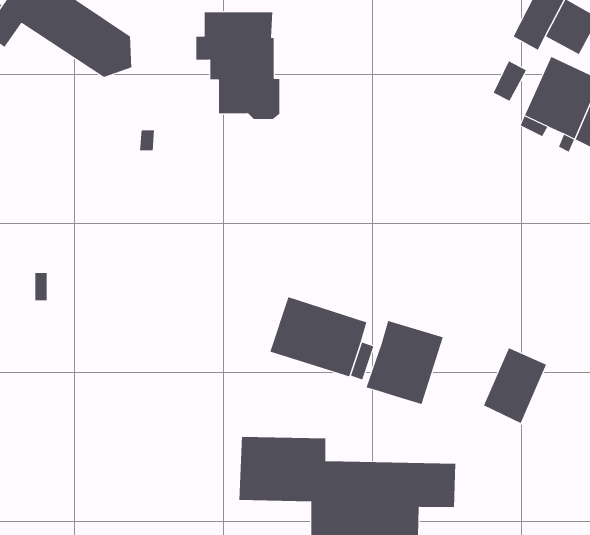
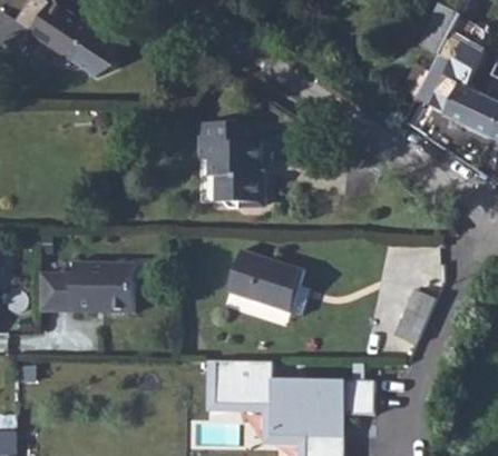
building: [195,12,280,119] -> [196,122,263,207]
building: none -> [38,261,134,313]
building: [366,320,444,405] -> none

